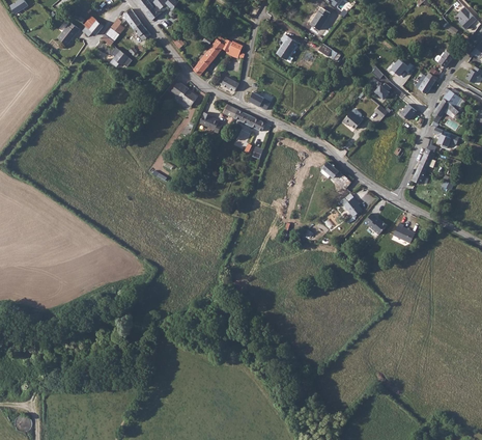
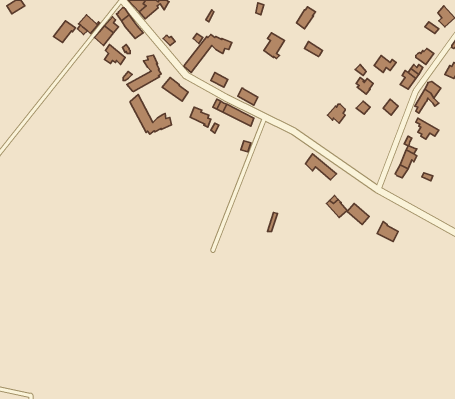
building: none -> [127,55,161,91]
building: none -> [130,95,171,134]

